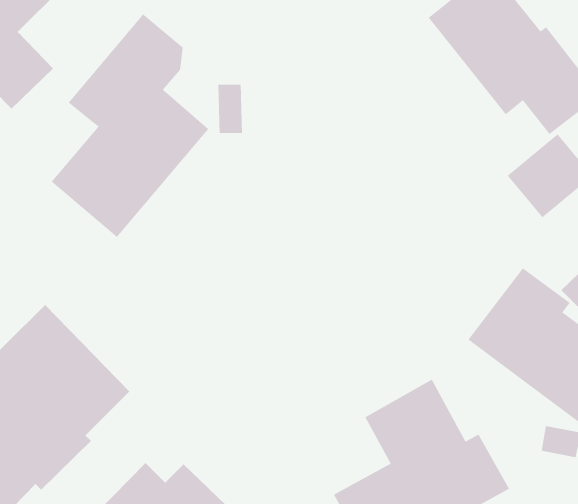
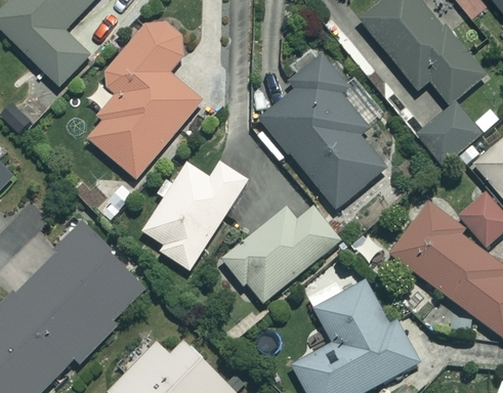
building: none -> [260,55,386,211]
building: none -> [138,161,249,270]
building: none -> [222,208,340,305]

